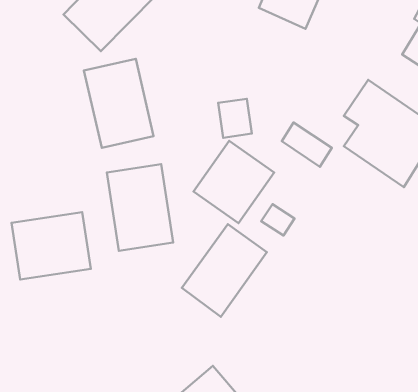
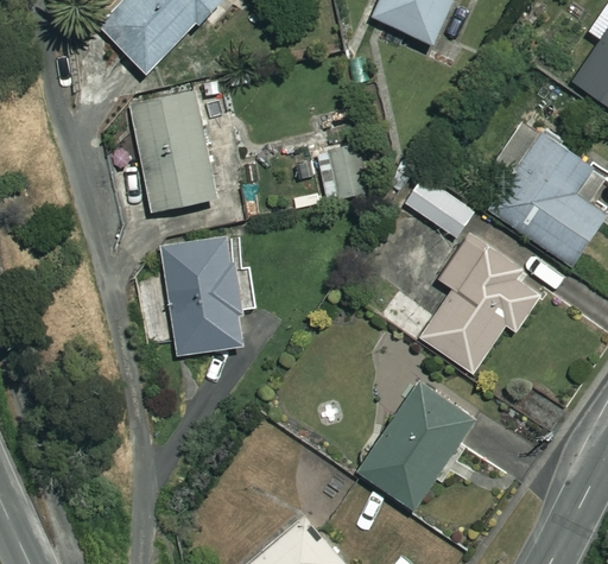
building: [193,141,274,223] -> none
building: none -> [417,233,545,373]
building: [11,212,91,280] -> none
building: [182,224,267,317] -> [359,381,477,511]

